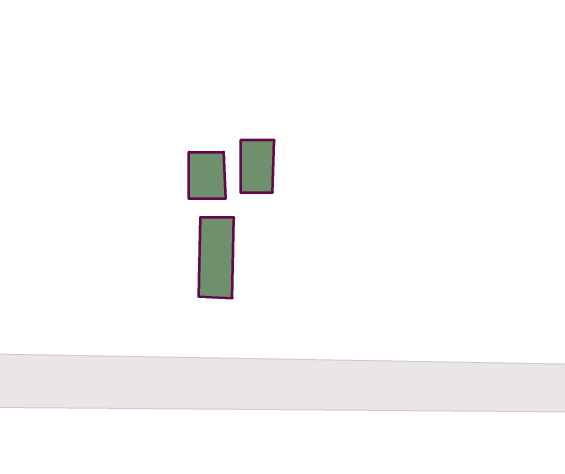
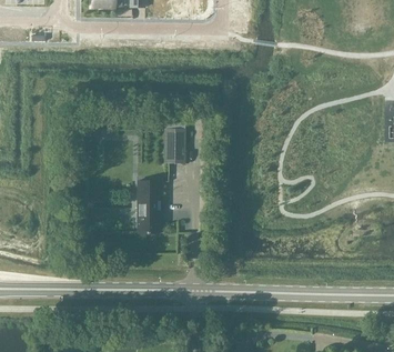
building: [189,152,225,199] -> none

